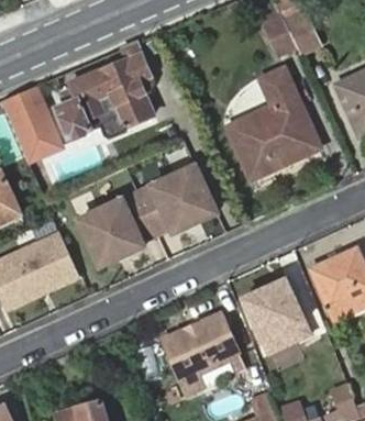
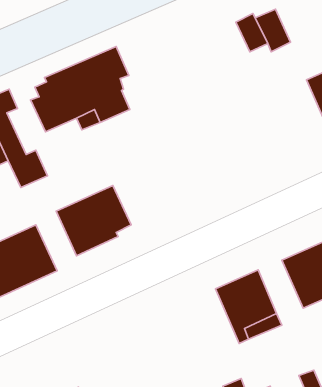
building: [228,68,319,178] -> none
building: [137,164,217,232] -> none
building: [164,314,236,394] -> none

